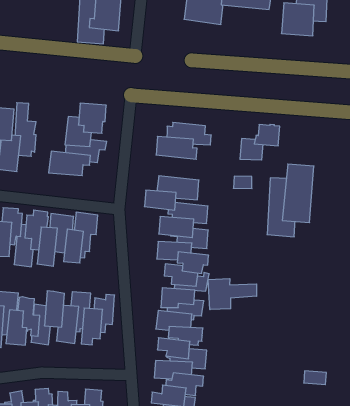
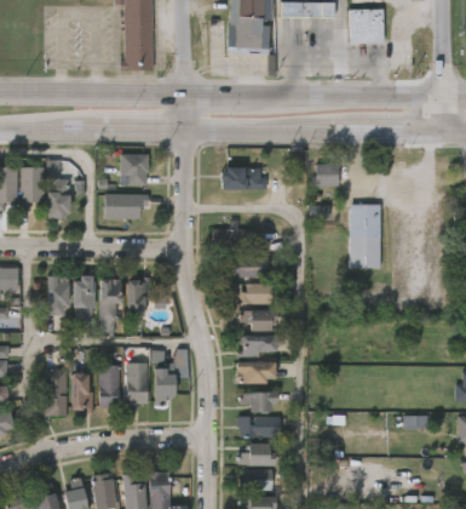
building: [208,279,257,310] -> none

